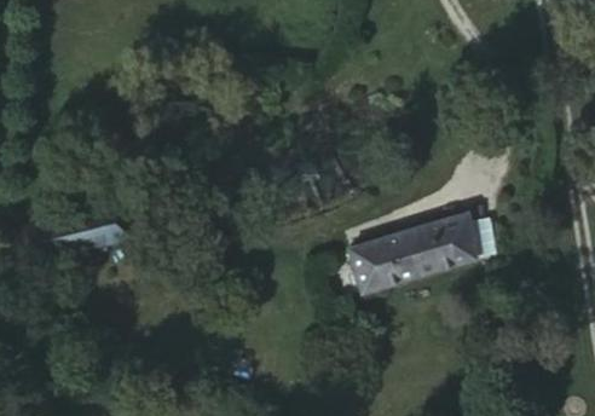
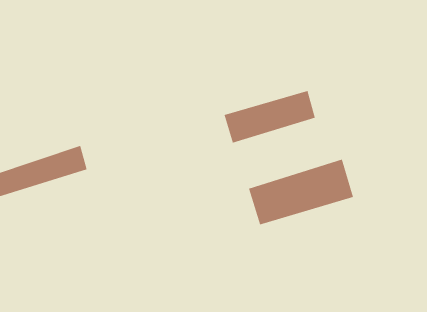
building: none -> [224,90,316,143]

